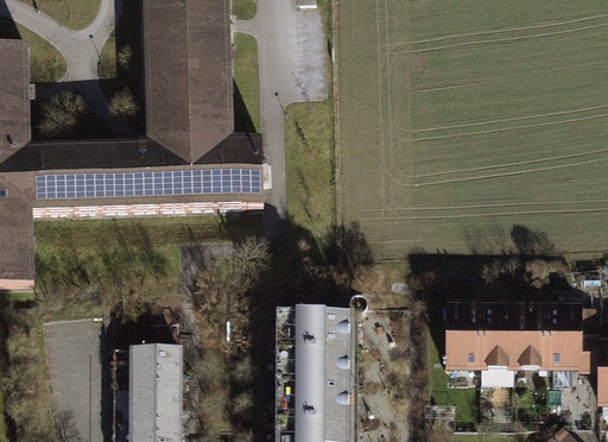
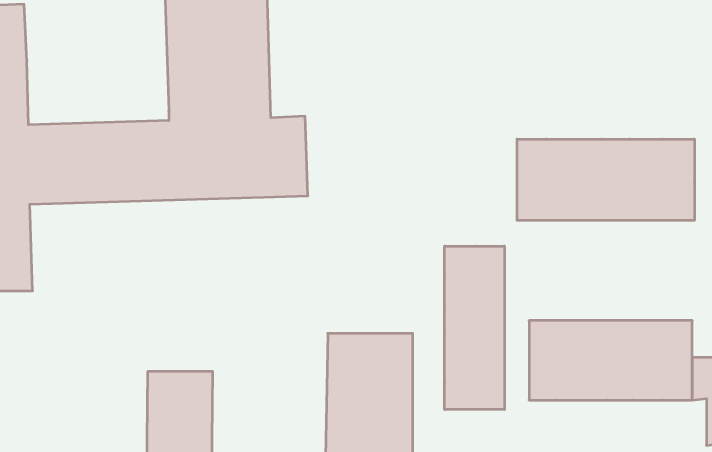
building: none -> [517,139,694,220]
building: none -> [445,246,504,410]

